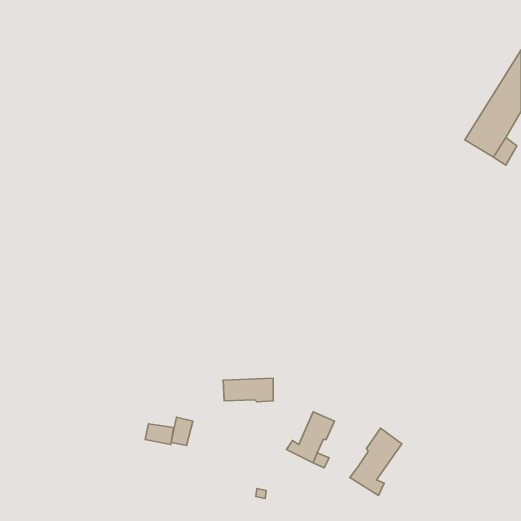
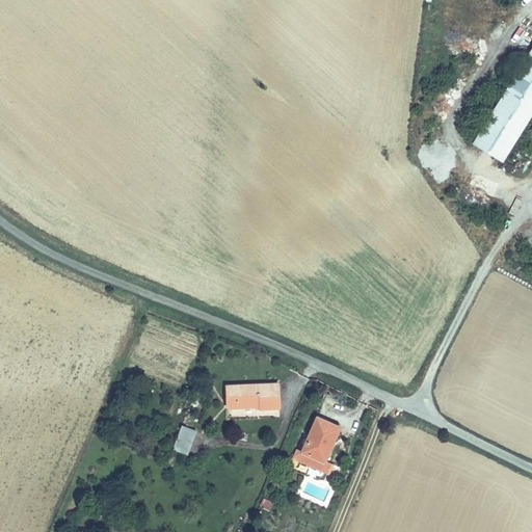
building: [145,424,174,445] -> none
building: [350,428,402,496] -> none

